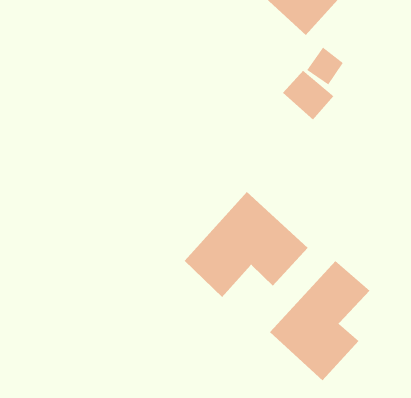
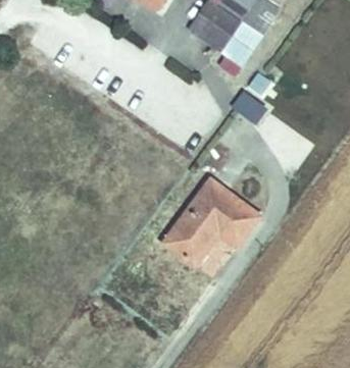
building: [269,260,370,381] -> none

